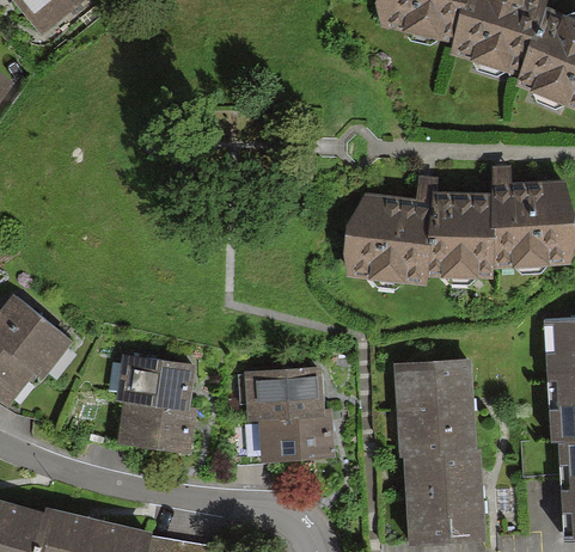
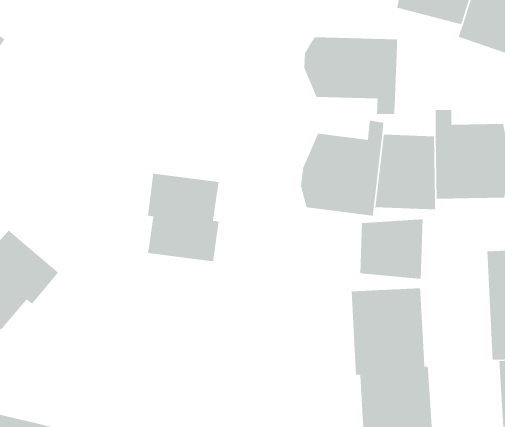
building: none -> [303,37,398,115]
building: none -> [360,219,423,280]
building: [116,355,196,454] -> [147,173,219,262]
building: [245,370,336,467] -> none

